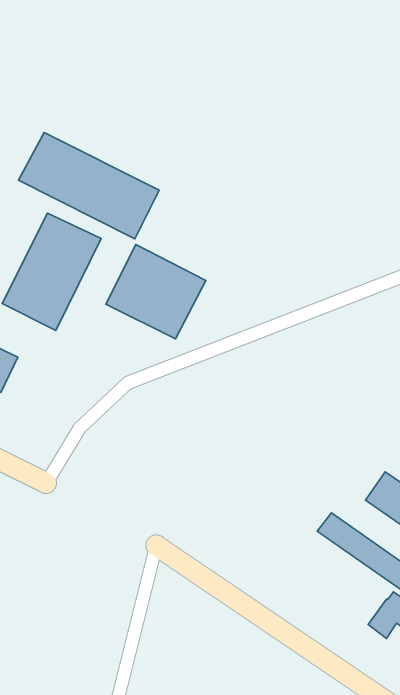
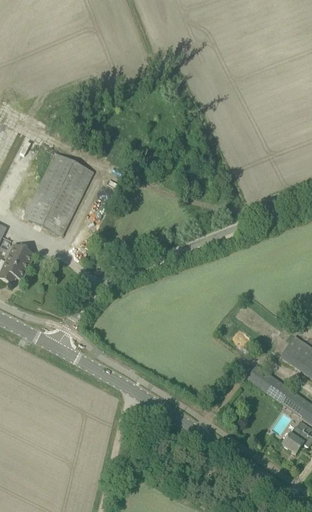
building: [19,132,159,239] -> none
building: [106,245,206,339] -> none

